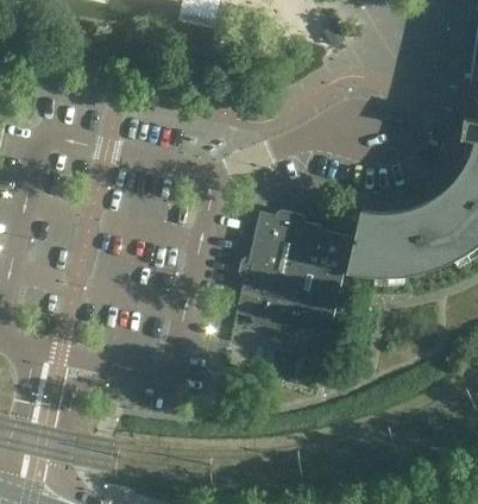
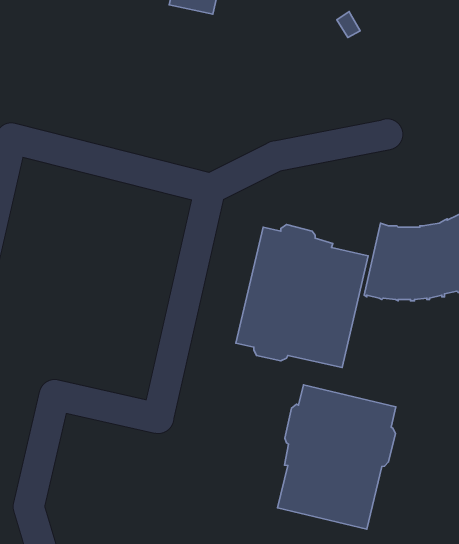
building: none -> [278,385,396,529]

